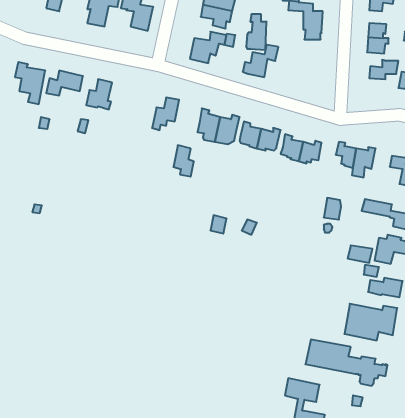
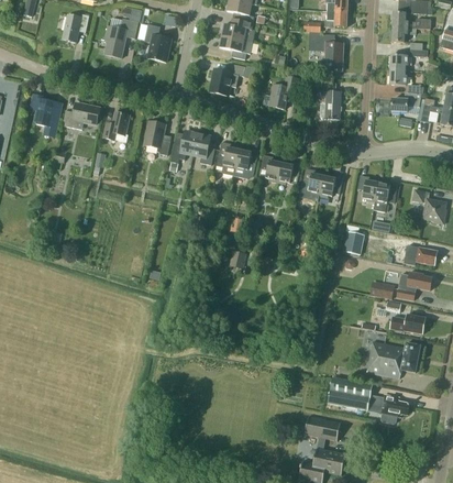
building: [246,14,267,50] -> [320,83,341,119]
building: none -> [144,120,172,155]
building: [173,145,194,177] -> [194,132,214,164]

